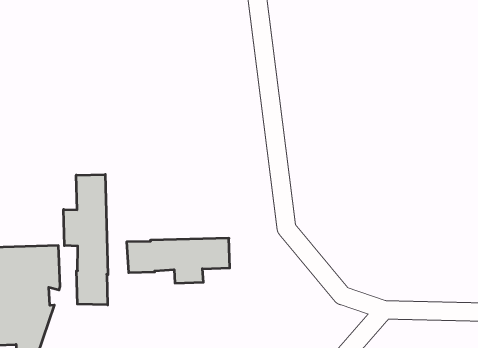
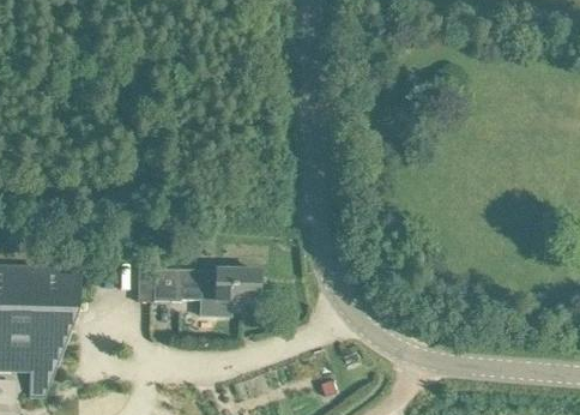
building: [64,174,108,305] -> none

